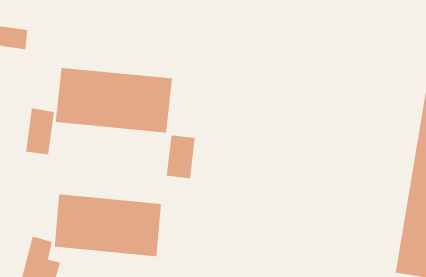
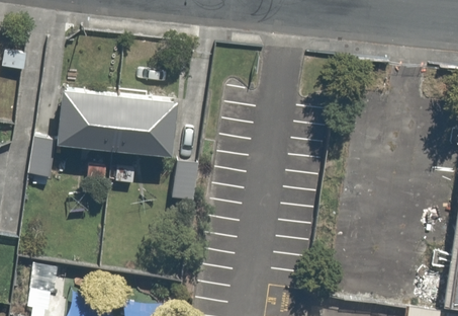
building: [54,193,162,257] -> none

